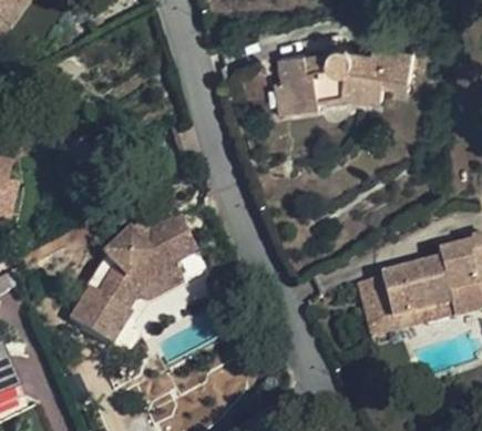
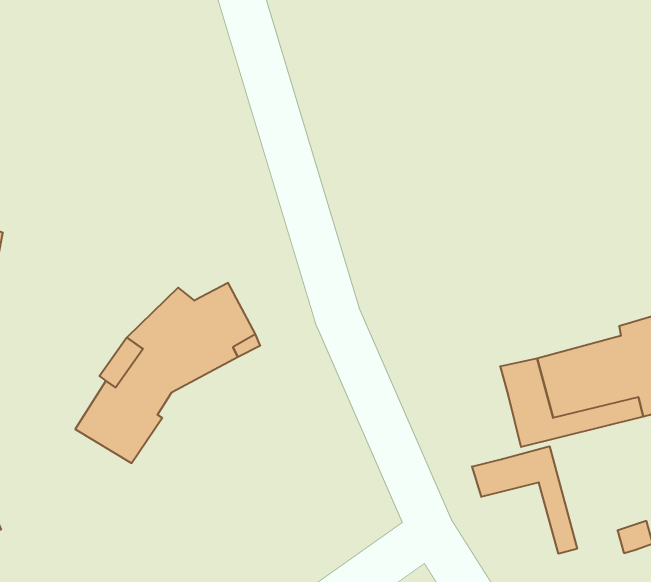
building: [277,44,414,112] -> none
building: none -> [472,446,577,554]

